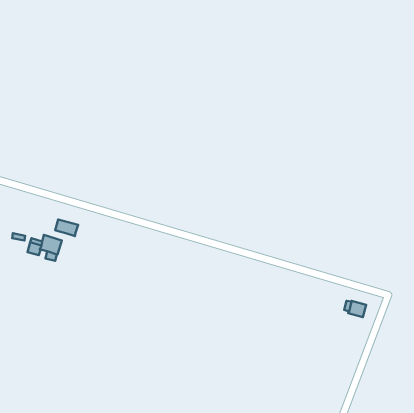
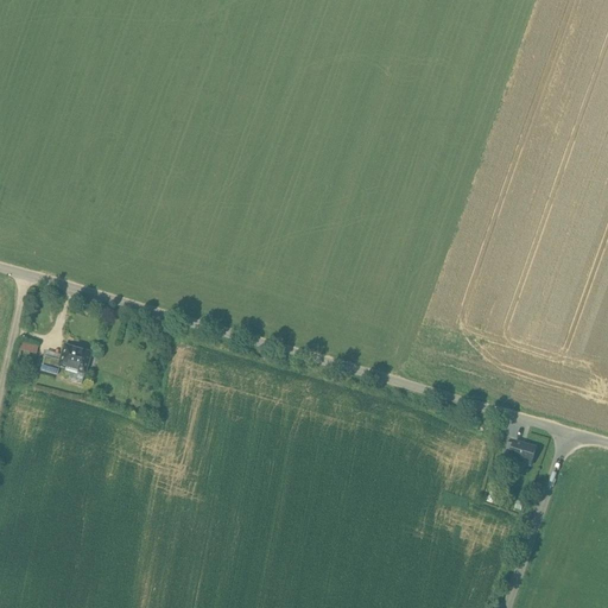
building: [55,219,78,236] -> none

